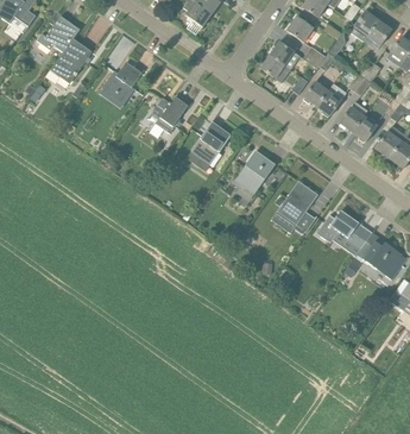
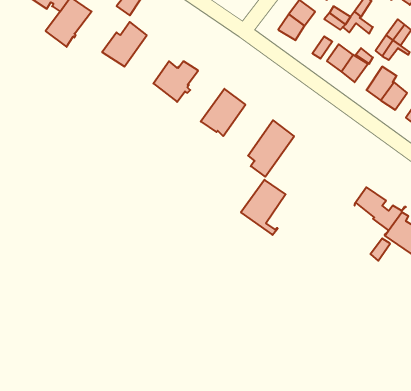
building: [277,181,317,231] -> [241,180,286,235]

